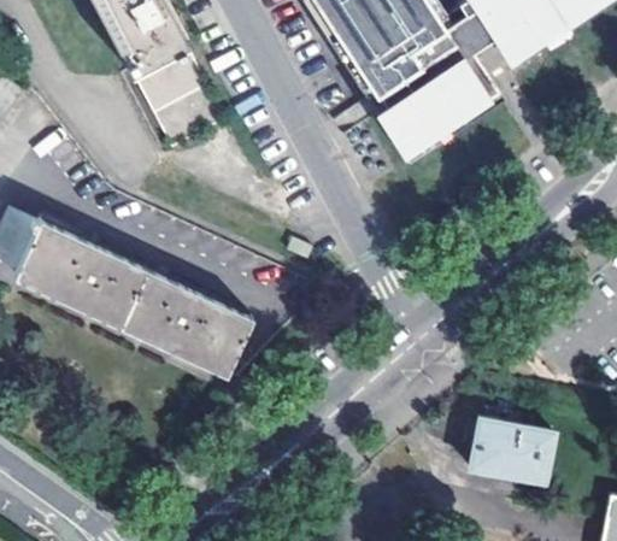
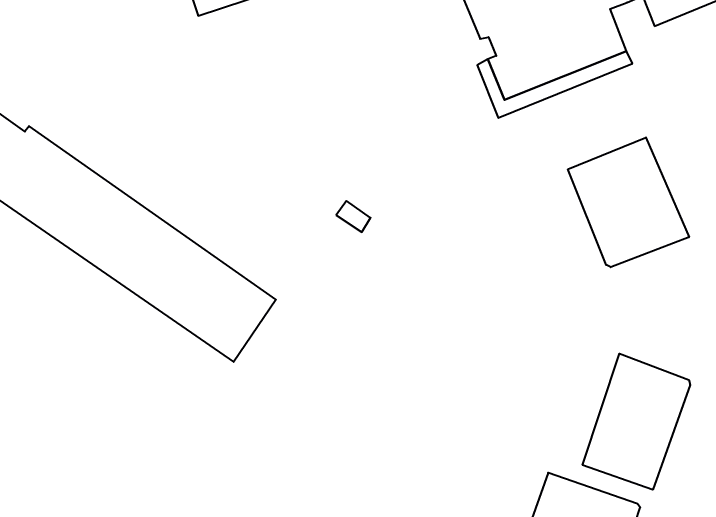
building: none -> [568,137,689,267]
building: none -> [583,354,690,490]

